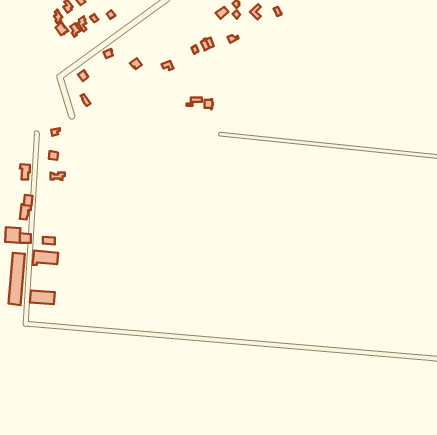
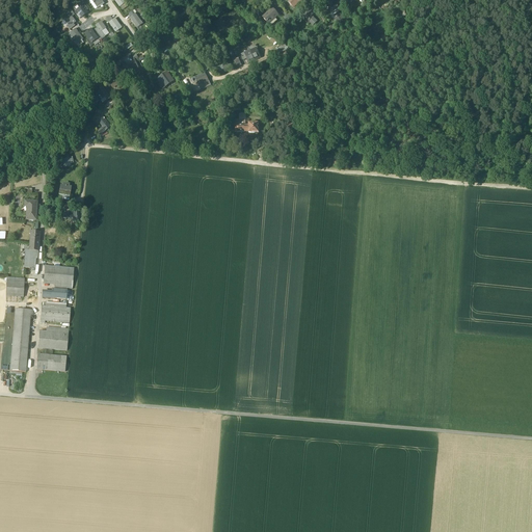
building: none -> [44,265,74,288]
building: none -> [37,329,69,349]

